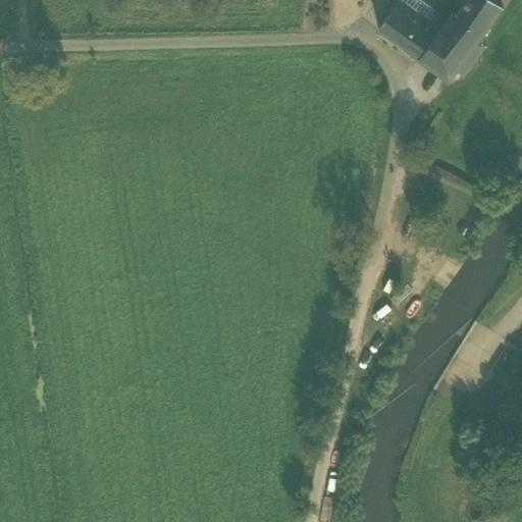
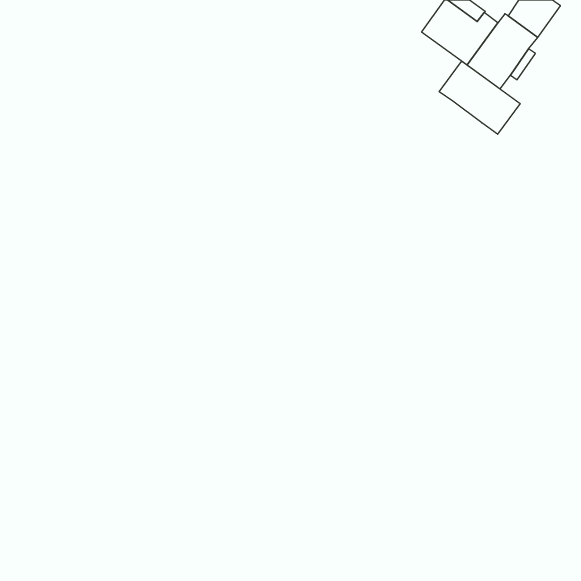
building: none -> [439,61,520,134]

